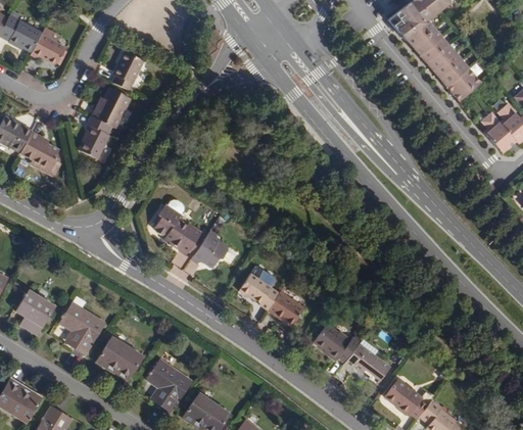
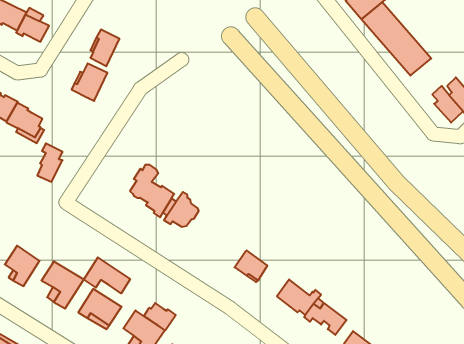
building: [82,116,109,158] -> [37,143,63,182]
building: [240,271,280,308] -> none
building: none -> [84,257,130,293]
building: none -> [144,303,176,330]

